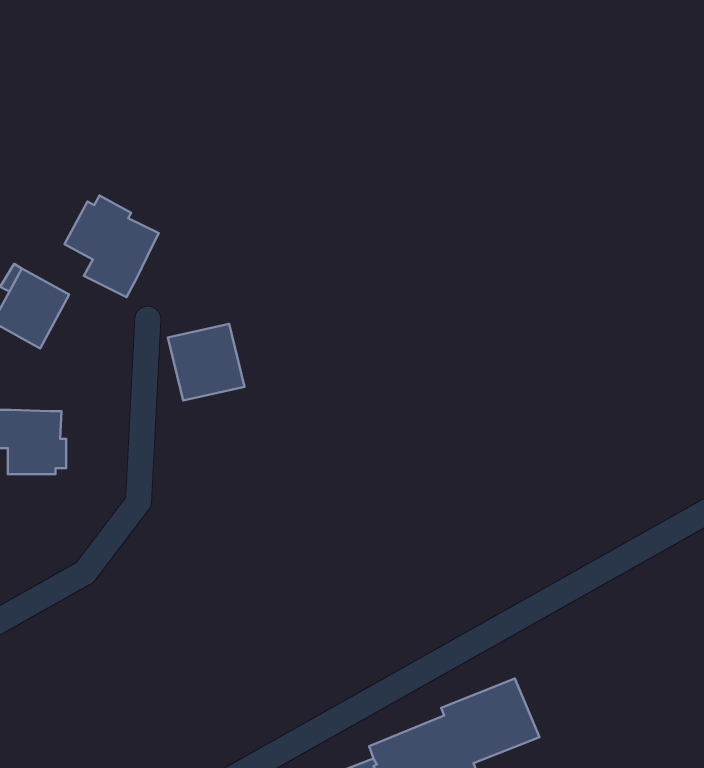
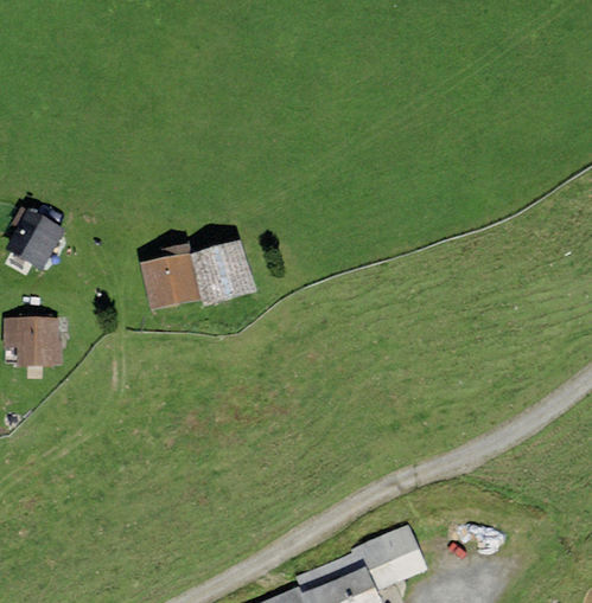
building: [65,196,159,297] -> none
building: none -> [191,239,256,307]

